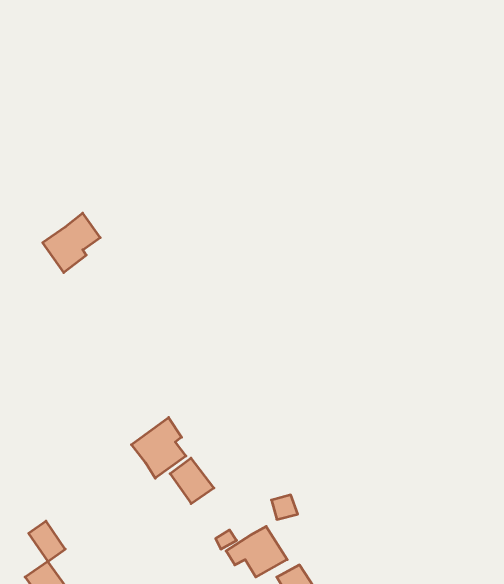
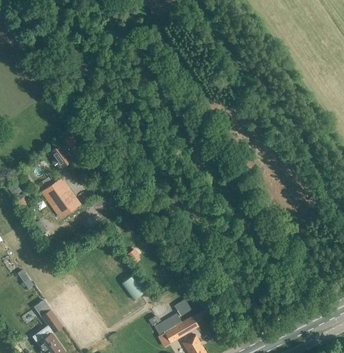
building: none -> [41,177,82,219]
building: [131,417,186,478] -> none

